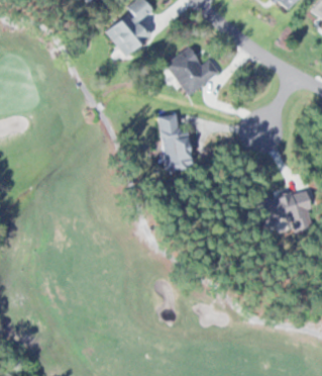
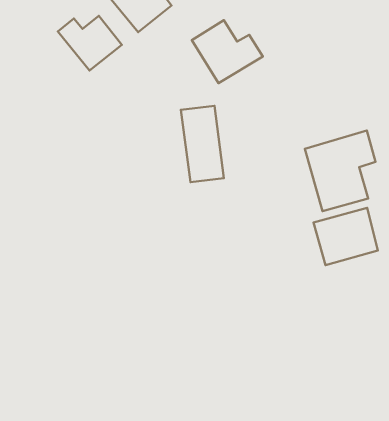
building: none -> [58,16,122,70]
building: none -> [305,131,376,211]

